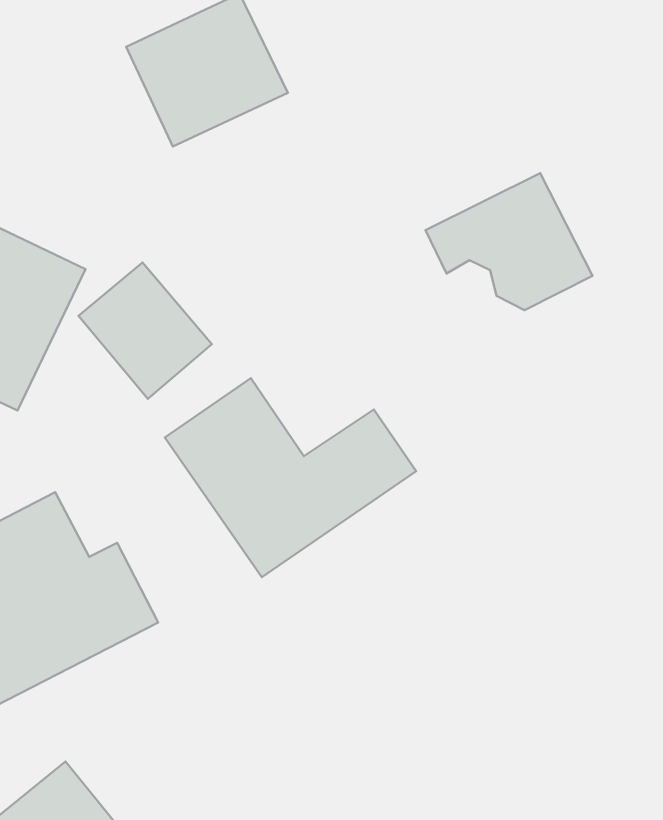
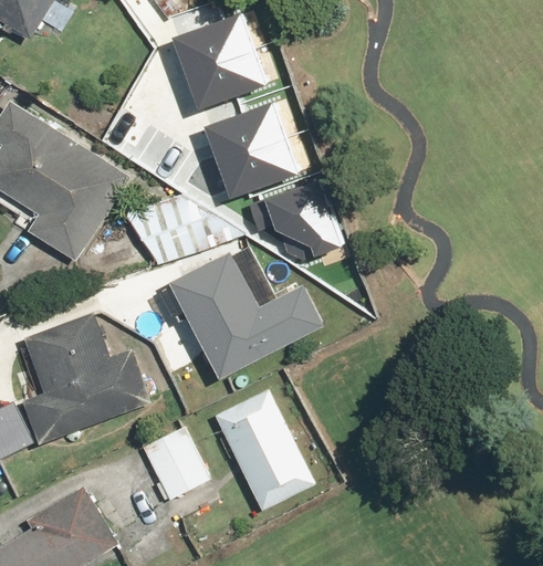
building: none -> [202,104,301,196]
building: [426,173,593,310] -> [242,178,344,263]
building: none -> [213,388,315,510]
building: none -> [142,423,209,497]

